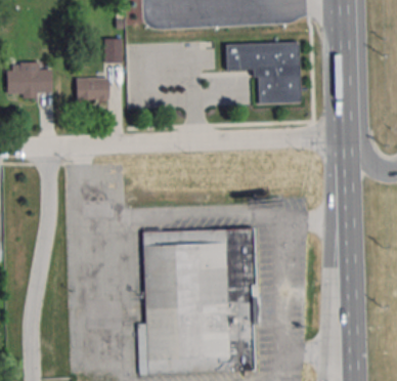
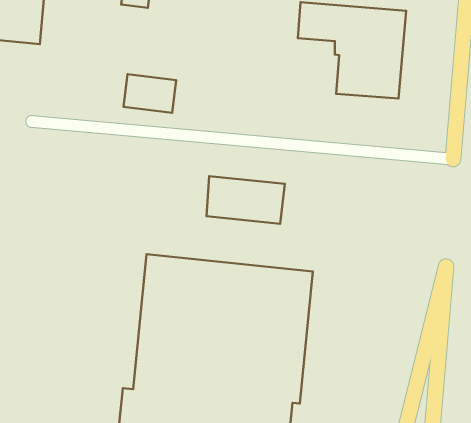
building: [76,77,109,99] -> [123,74,176,113]
building: none -> [206,176,285,224]

